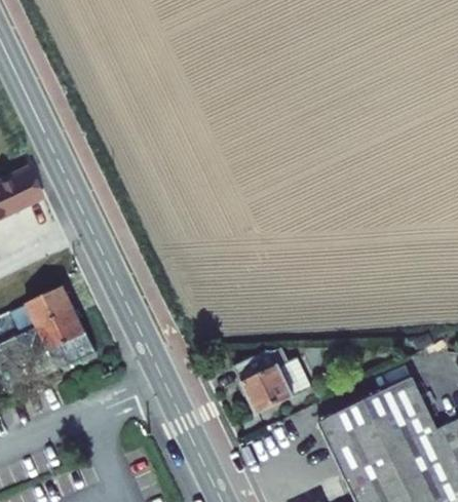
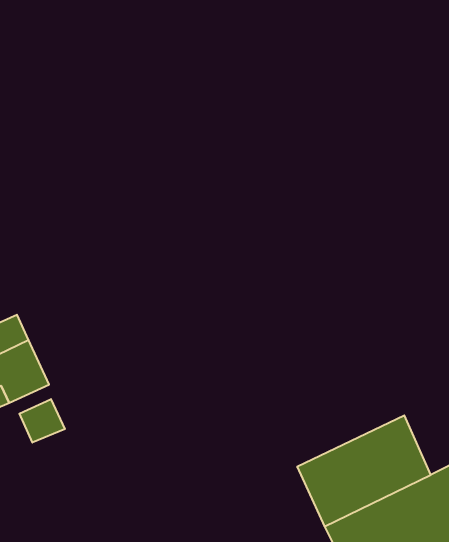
building: [241,355,311,413] -> none
building: none -> [19,399,65,443]

